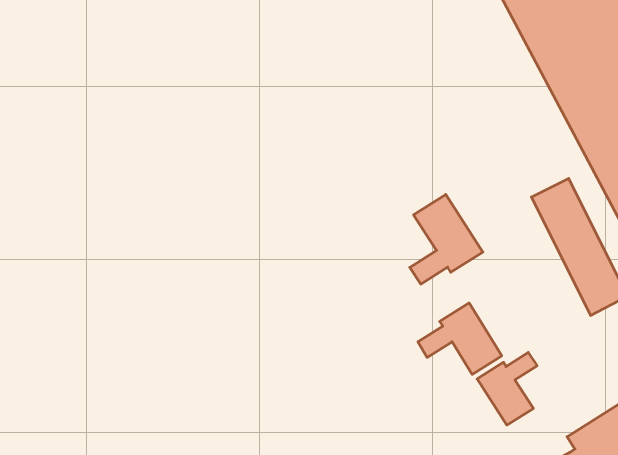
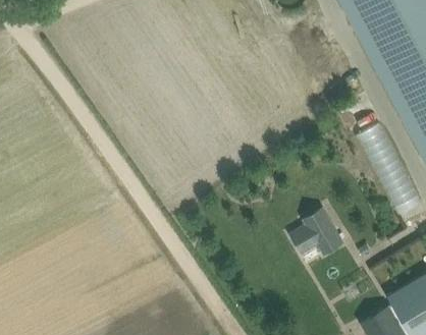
building: [410,194,483,284] -> none
building: [477,352,537,425] -> none

